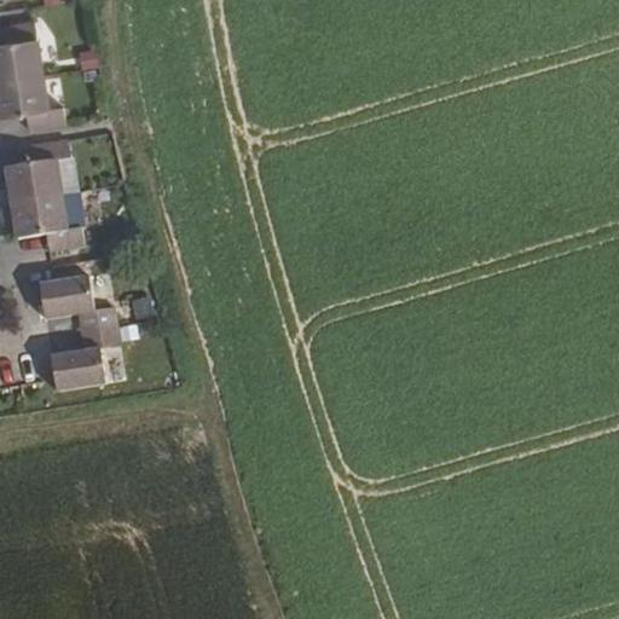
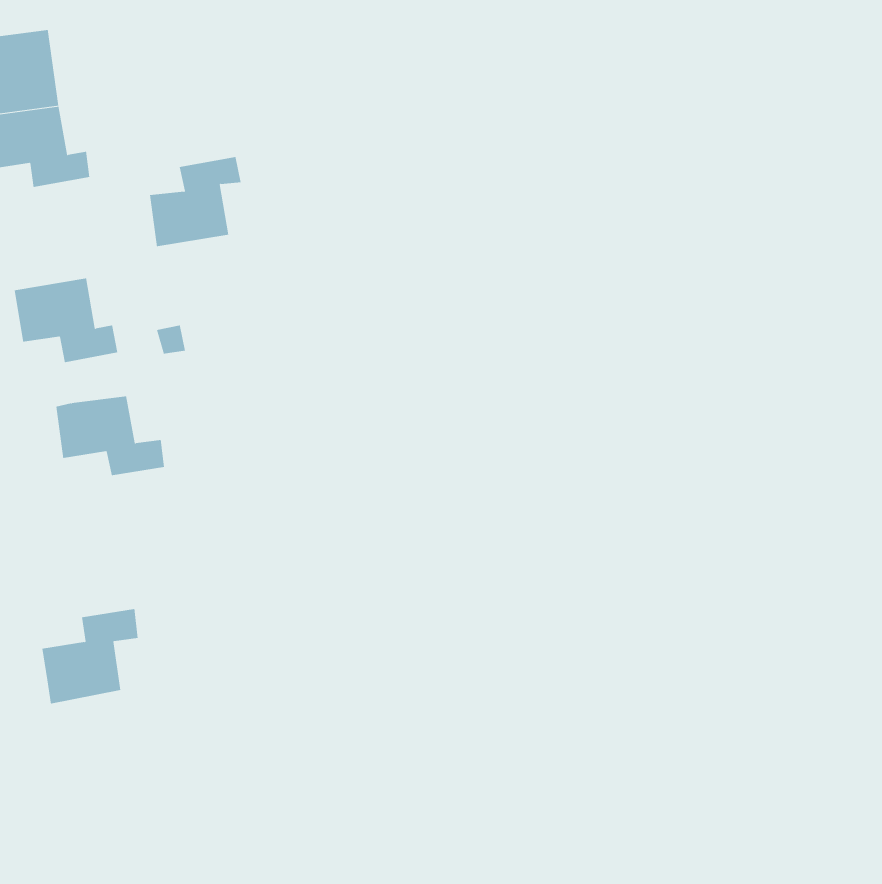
building: [5,139,69,202] -> [149,157,241,247]
building: [50,325,117,392] -> [41,609,139,704]

